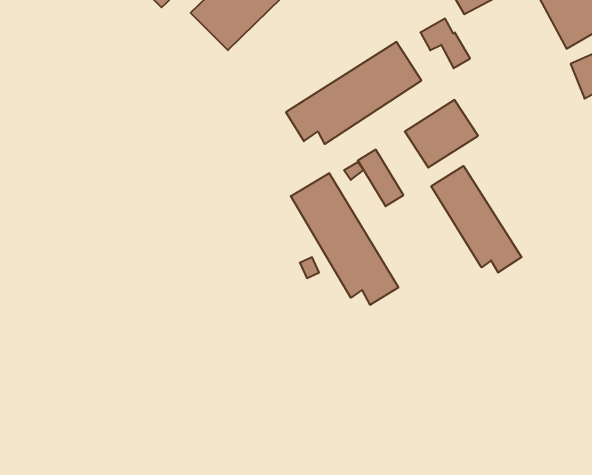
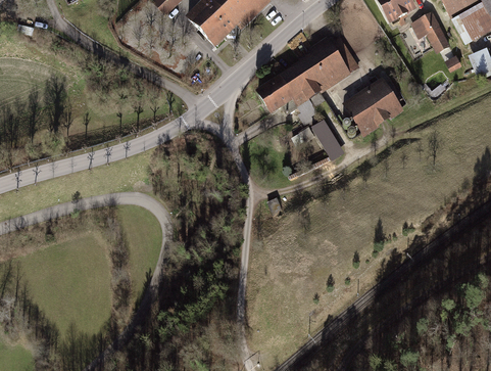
building: [420,19,470,68] -> [412,13,449,50]
building: [431,166,522,273] -> none
building: [291,173,398,305] -> none

